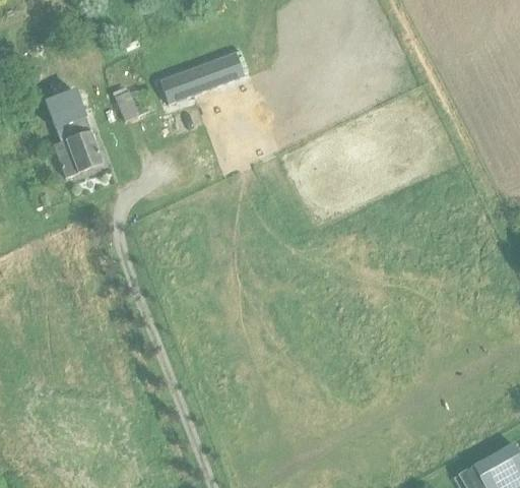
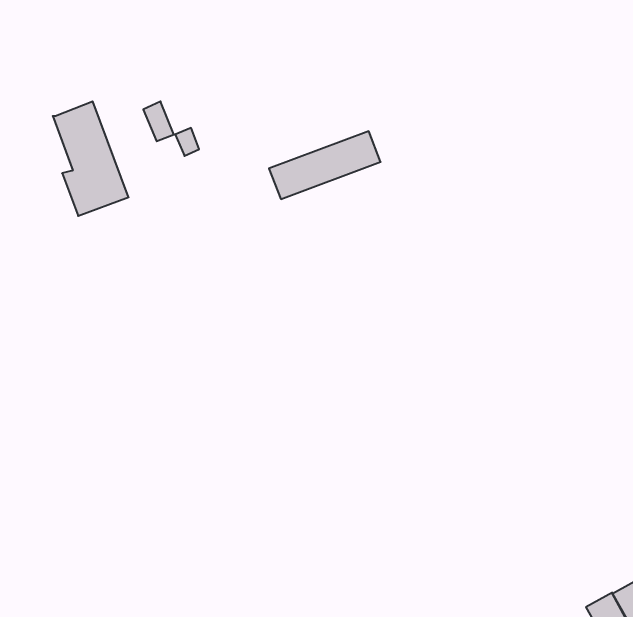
building: [159,52,245,104] -> [269,131,381,199]

